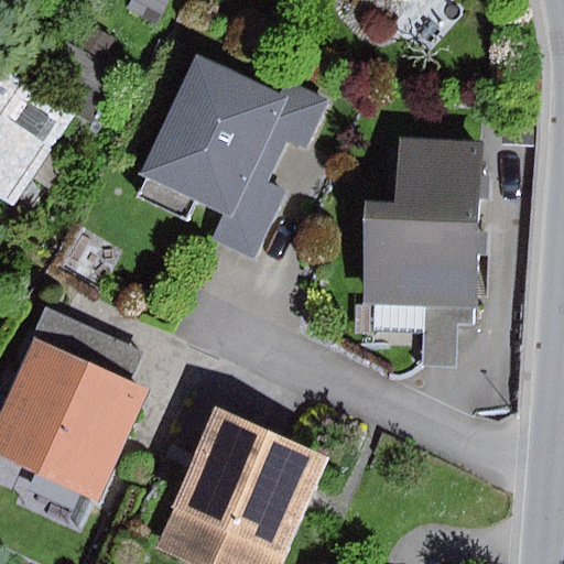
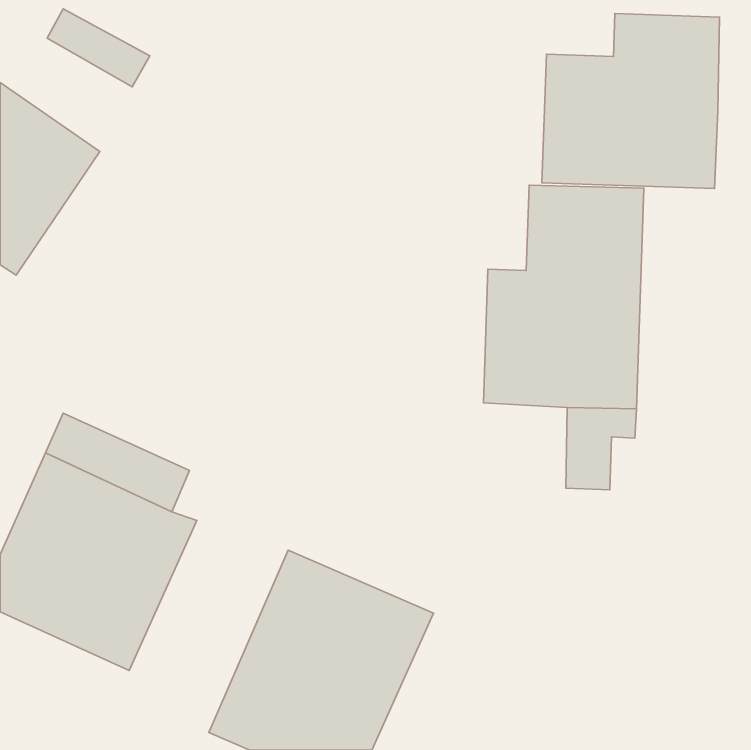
building: none -> [542,14,720,189]
building: [137,53,327,261] -> none

